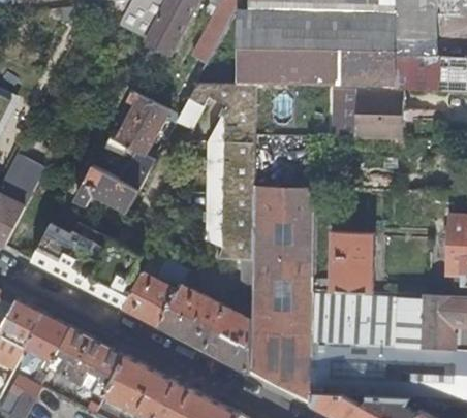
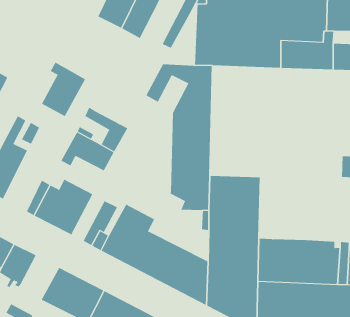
building: [116,90,169,156] -> [41,62,86,117]
building: [332,91,402,140] -> none
building: [253,186,314,220] -> none
building: [329,232,374,295] -> none
building: [23,314,71,373] -> none

